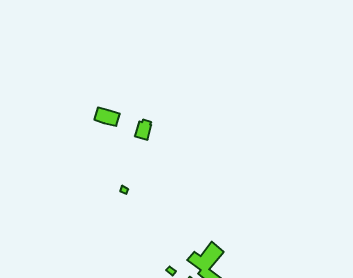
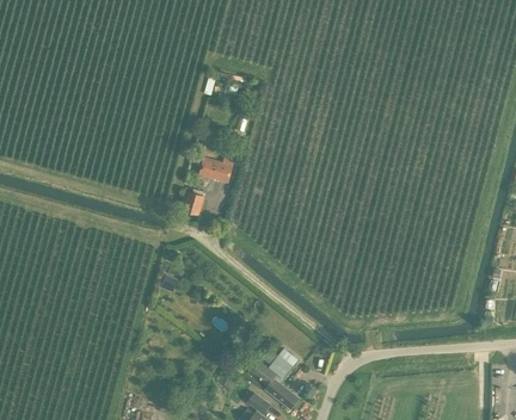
building: [94,107,120,126] -> [199,160,233,184]

